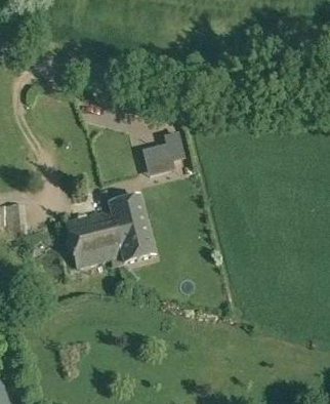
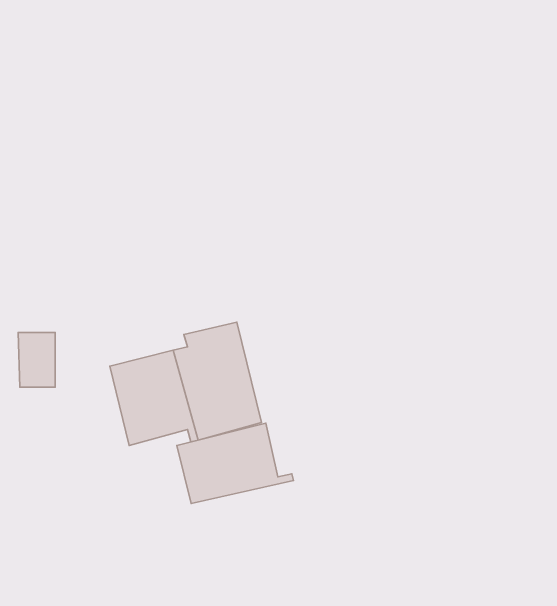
building: [142,132,184,176] -> none
building: none -> [177,423,293,503]

